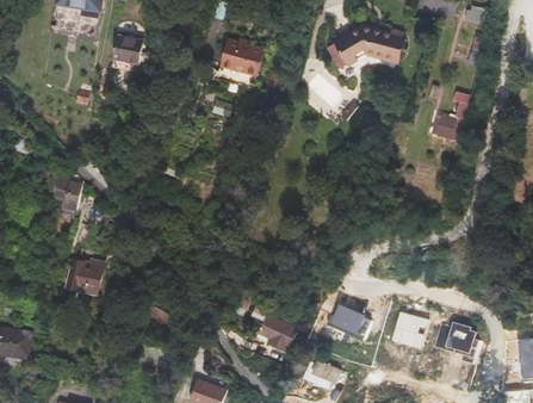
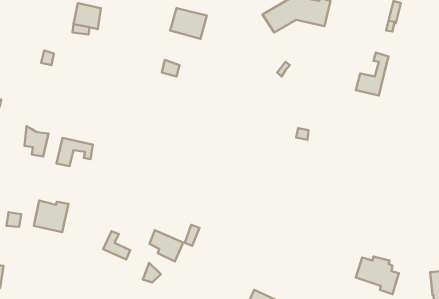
building: none -> [56,138,93,166]
building: [326,304,370,339] -> none
building: [391,312,428,349] -> none
building: [258,316,296,352] -> [150,230,183,262]

